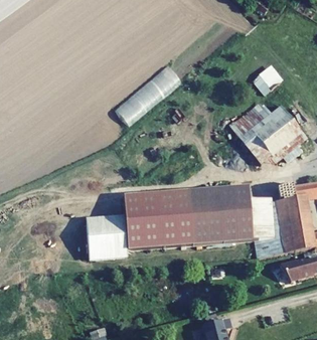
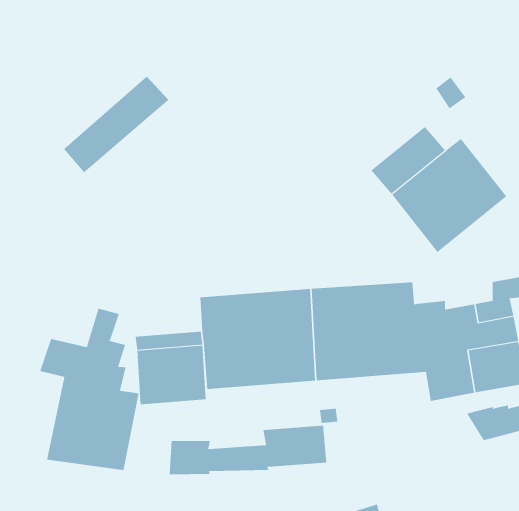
building: [119,64,181,122] -> [63,76,169,173]
building: none -> [40,308,139,471]
building: none -> [169,425,327,475]

